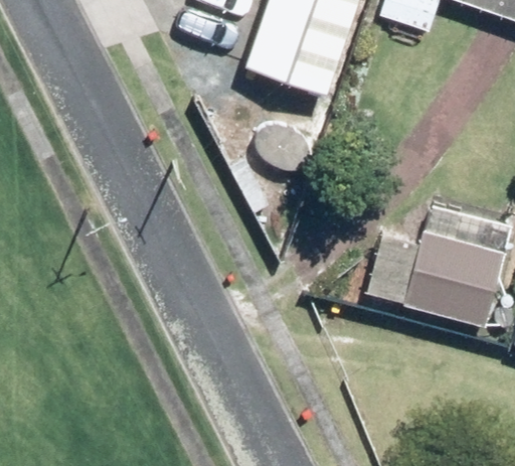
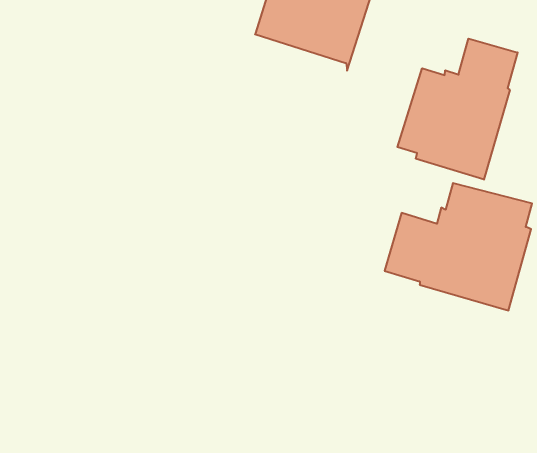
building: none -> [397,39,518,180]

